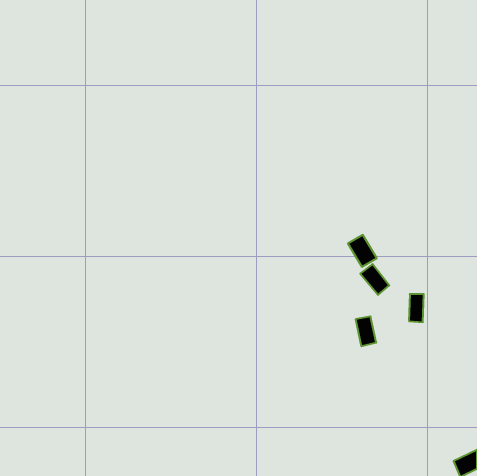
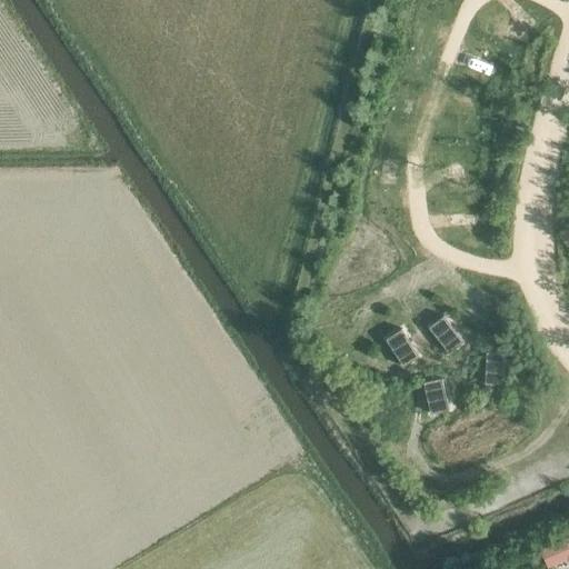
building: [348,235,377,267] -> [386,329,420,367]

